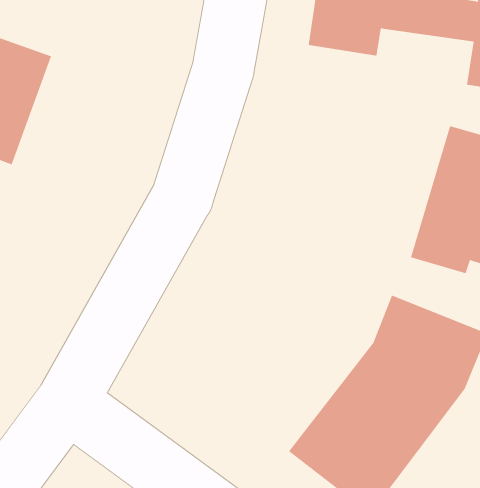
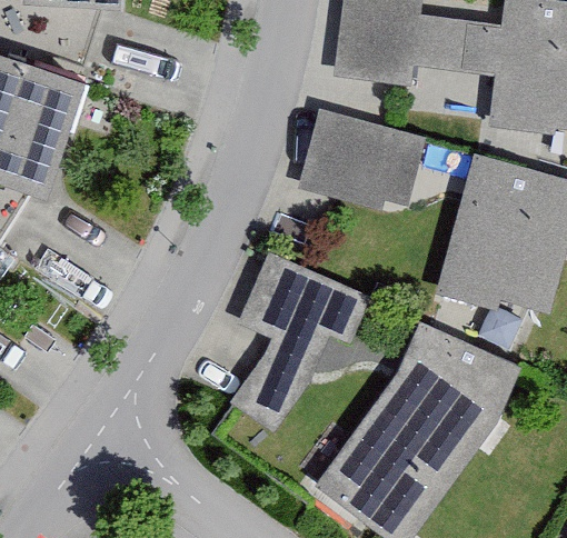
building: none -> [308,112,414,201]
building: none -> [239,262,355,408]

